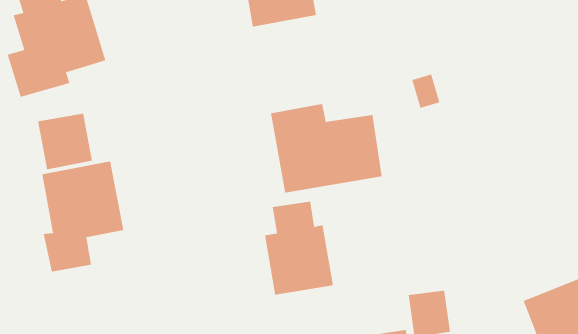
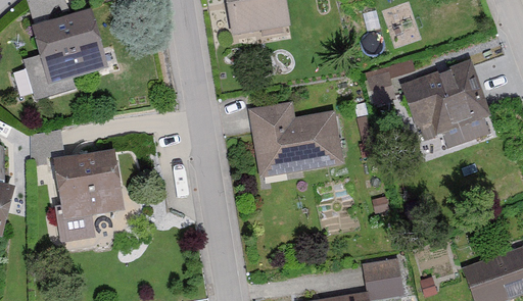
building: none -> [400,59,491,146]
building: [37,113,93,170] -> none
building: [264,201,334,296] -> none

